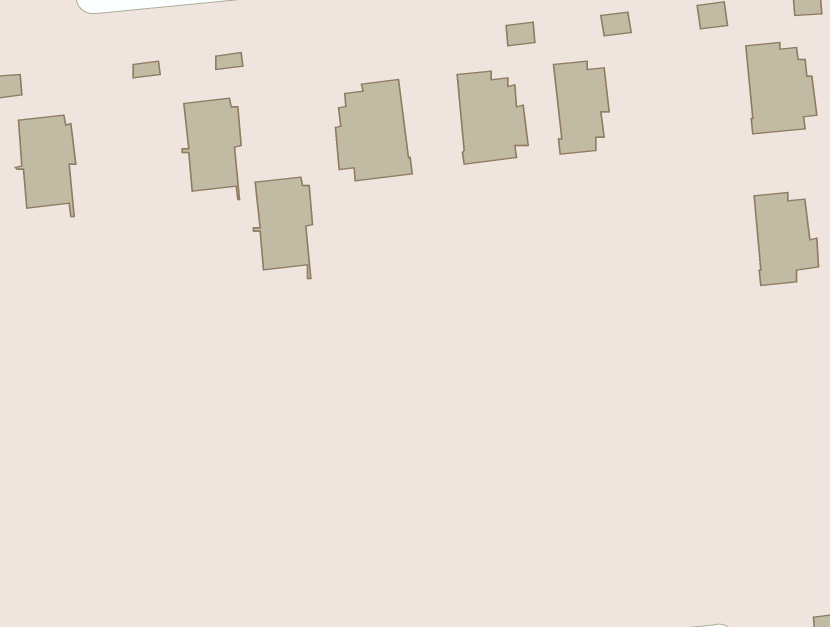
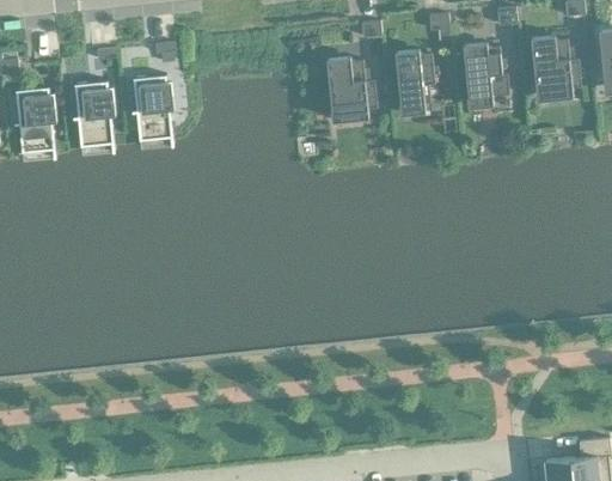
building: [335,80,412,181] -> none
building: [253,177,313,278] -> [74,81,116,153]
building: [754,192,818,285] -> [464,42,509,108]

